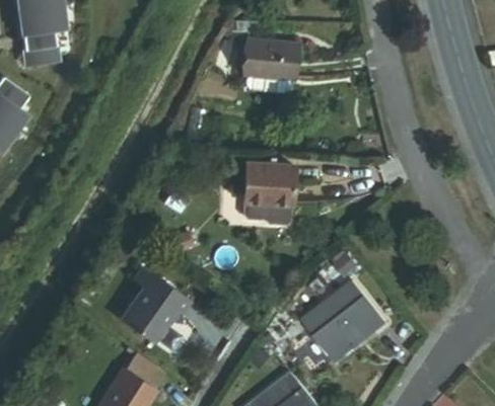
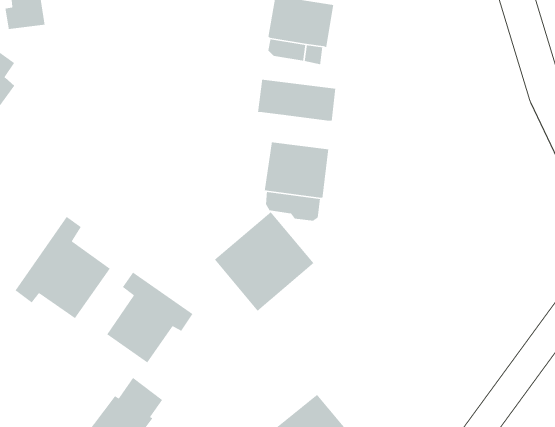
building: none -> [257,79,336,121]
building: none -> [14,216,111,319]
building: [295,277,379,361] -> [214,211,315,312]

